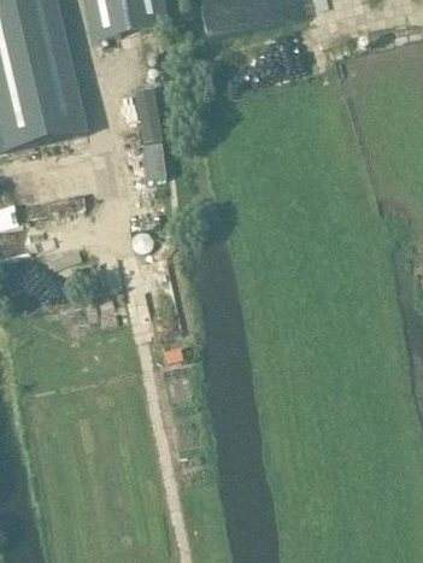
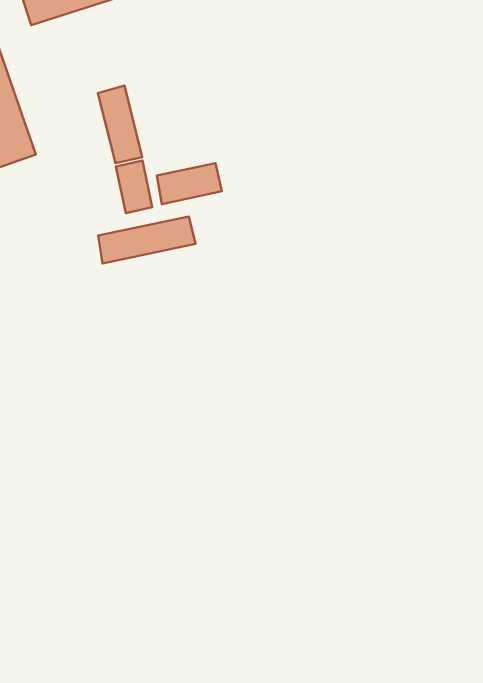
building: none -> [157,163,222,204]
building: none -> [98,216,195,264]

